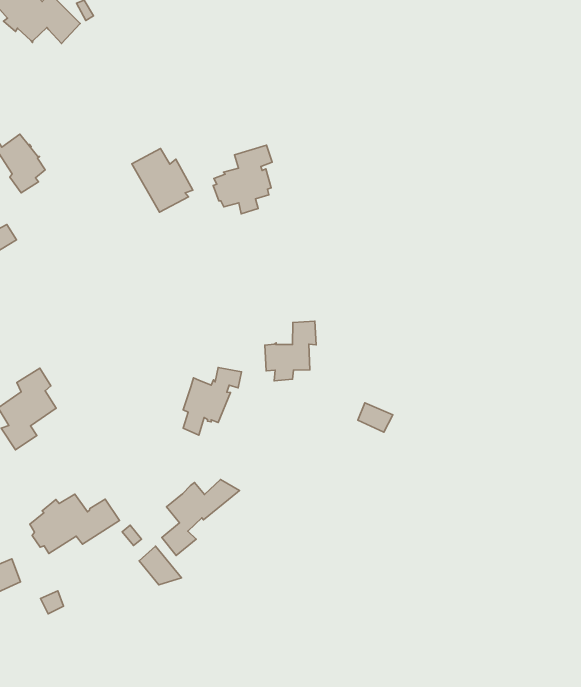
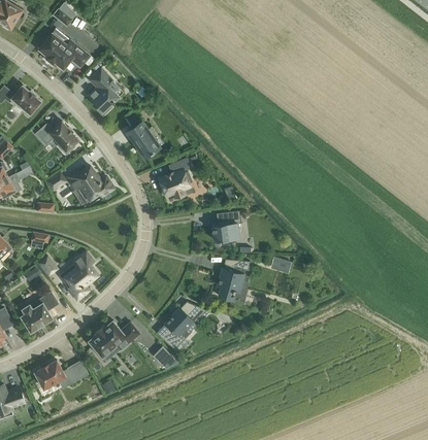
building: none -> [88,68,118,114]
building: [213,145,272,214] -> [158,158,191,198]
building: none -> [66,165,113,199]
building: [183,368,242,435] -> [218,260,249,299]

